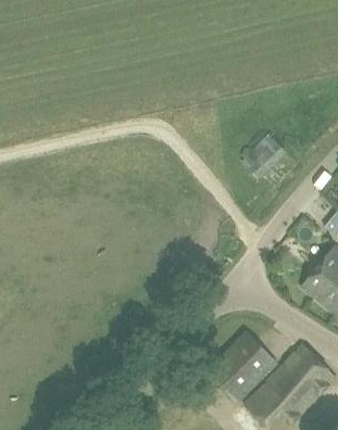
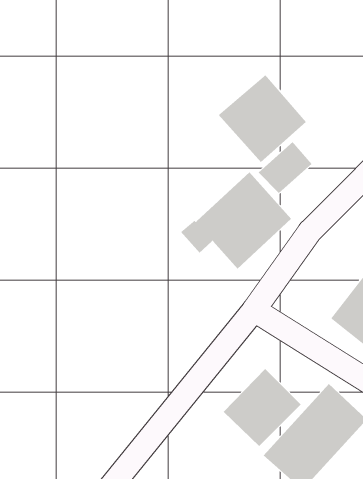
building: none -> [218,74,307,163]
building: none -> [180,172,292,269]

